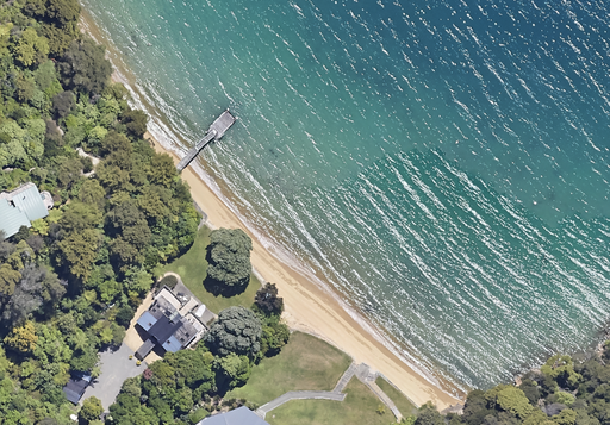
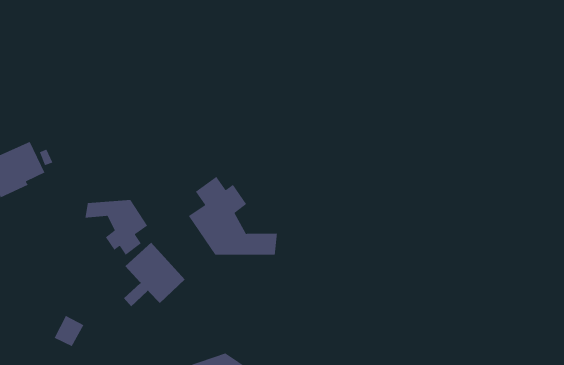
building: none -> [188,176,278,255]
building: none -> [84,199,148,256]

